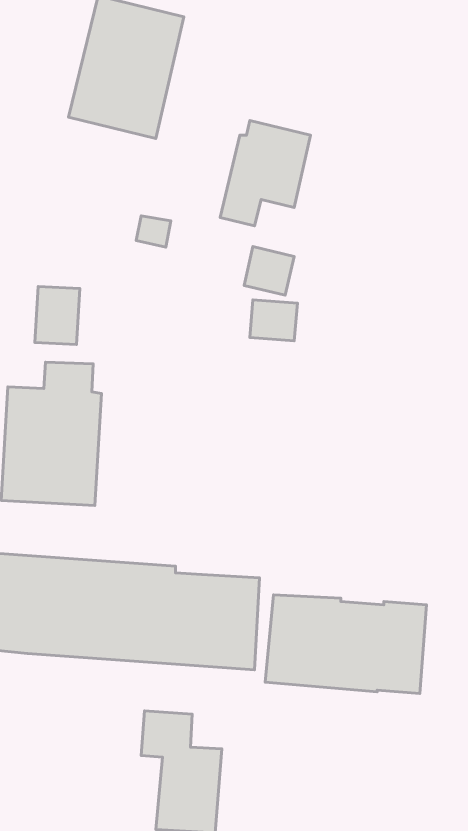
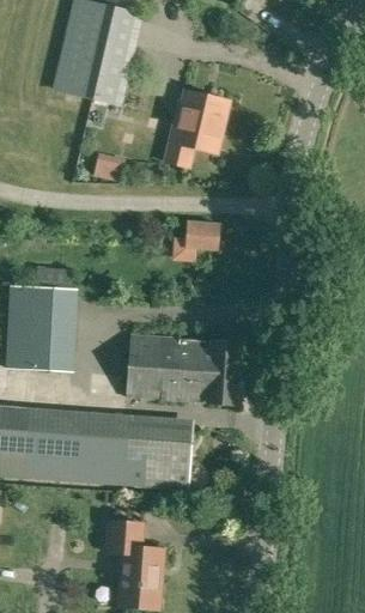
building: [244,247,294,295] -> none
building: [35,287,80,344] -> none
building: [265,595,427,694] -> [124,333,242,405]

